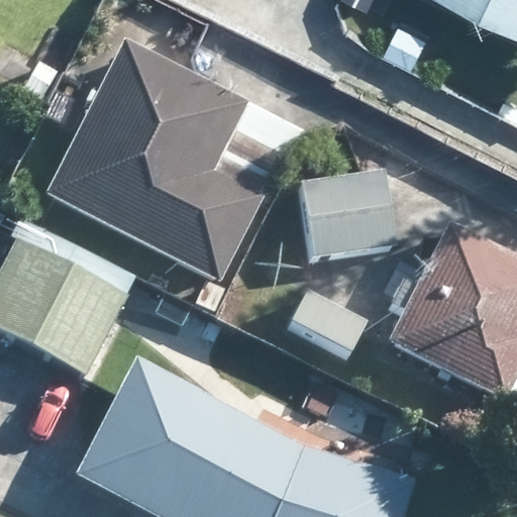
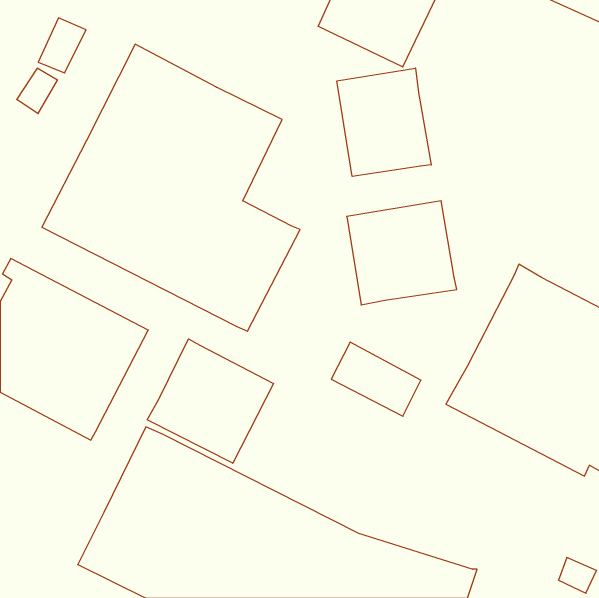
building: none -> [337,68,431,176]
building: none -> [147,339,274,463]

